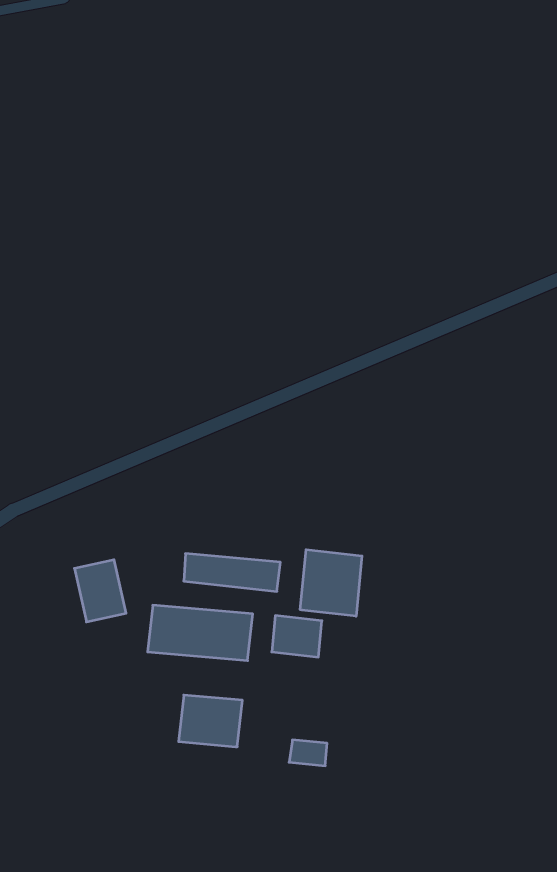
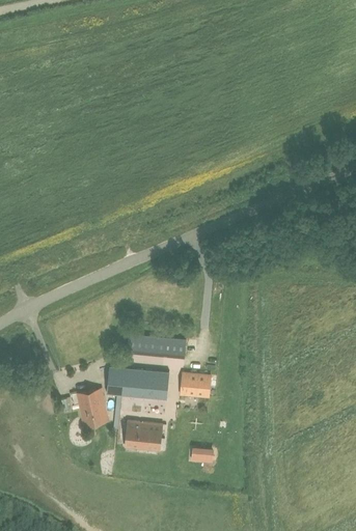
building: [300,550,362,616] -> none
building: [74,560,126,622] -> [77,389,108,426]

